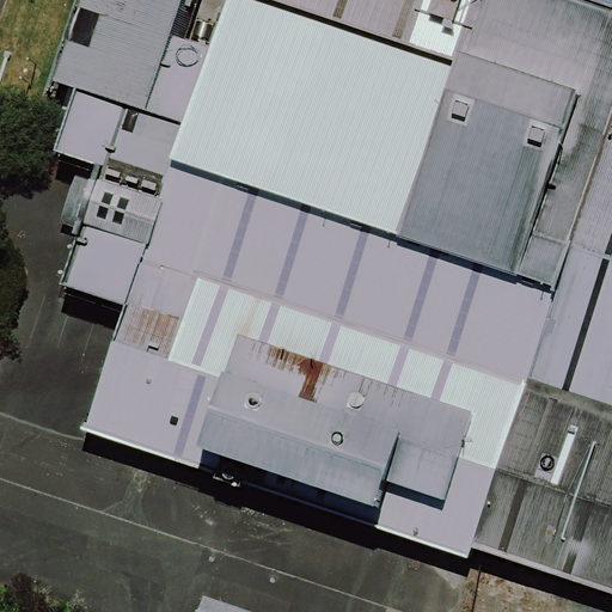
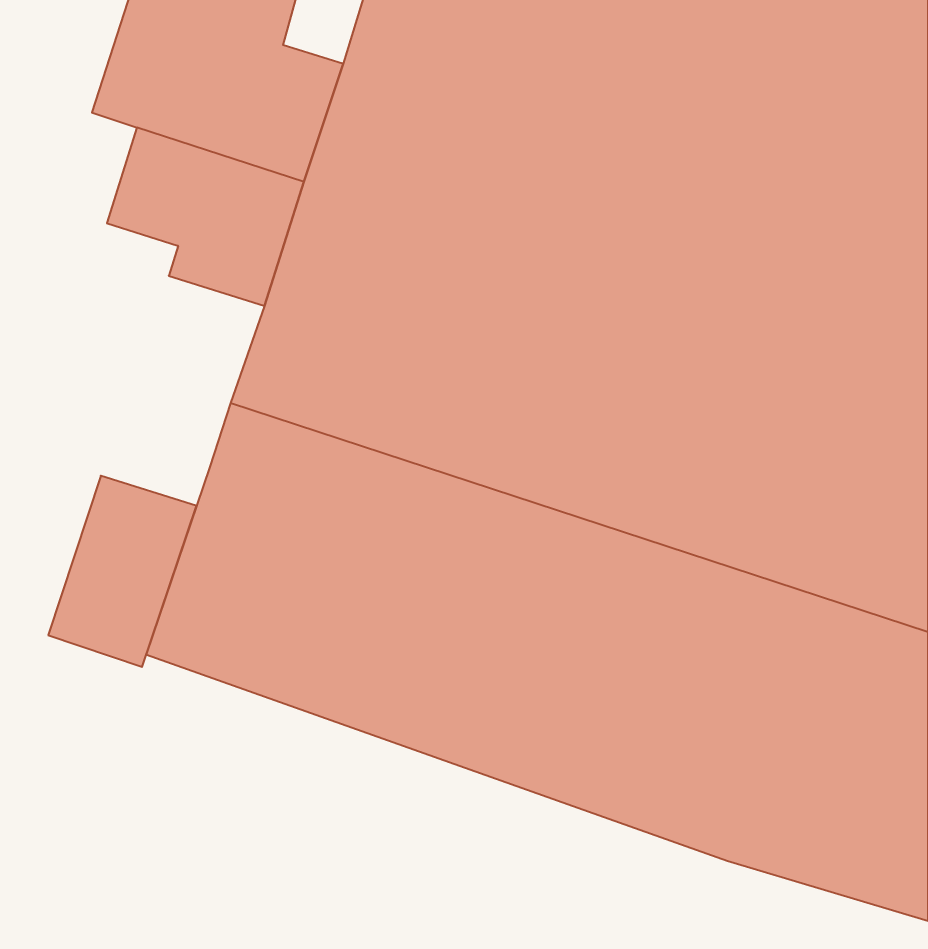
building: [74,176,169,298] -> [48,476,196,667]

